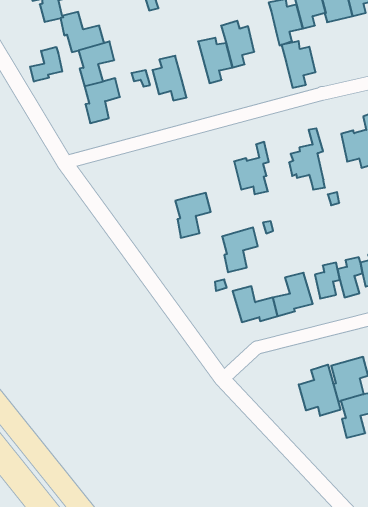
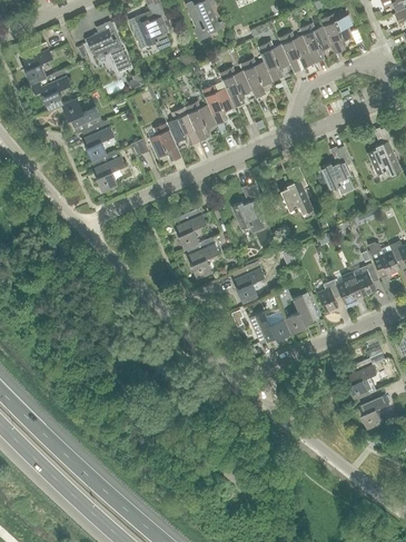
building: [281,41,316,88] -> [219,67,252,108]
building: none -> [167,107,200,146]
building: [30,47,62,82] -> none
building: none -> [174,207,207,249]
building: [299,365,340,416] -> none

